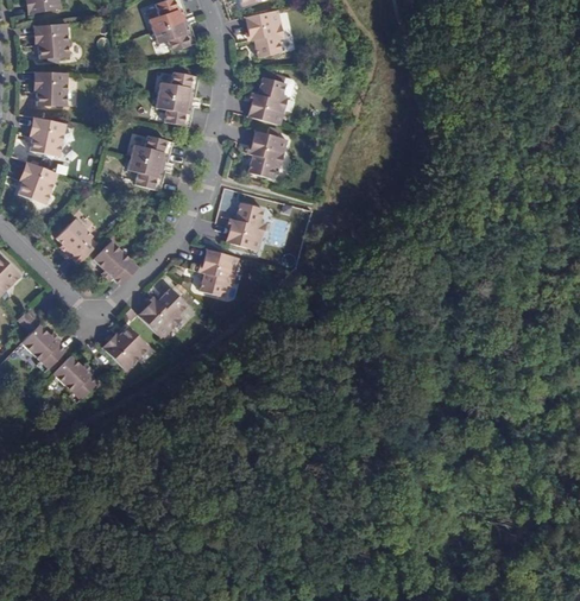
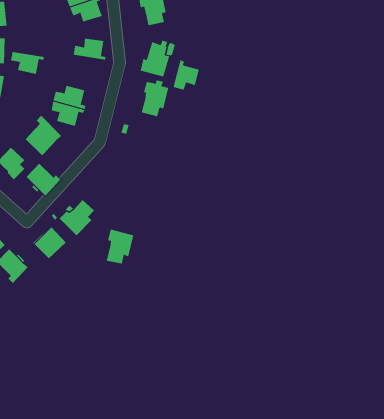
building: [155,95,201,126] -> [10,52,45,75]
building: none -> [173,60,200,90]
building: none -> [25,115,62,156]
building: [225,202,264,249] -> none
building: [200,248,238,296] -> [106,229,134,264]

